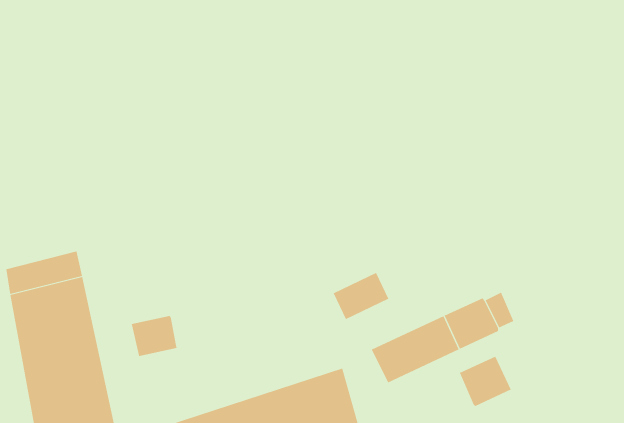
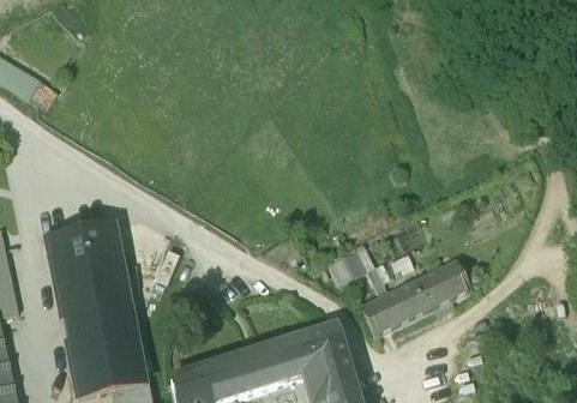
building: [131,315,177,357] -> none
building: [459,356,512,407] -> none

